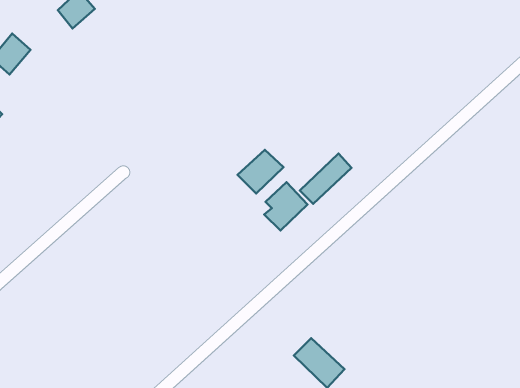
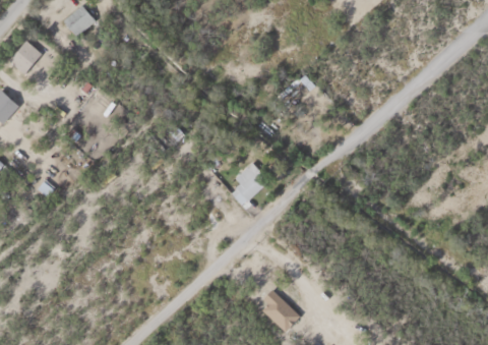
building: [238,150,283,194] -> none
building: [300,153,352,204] -> none

